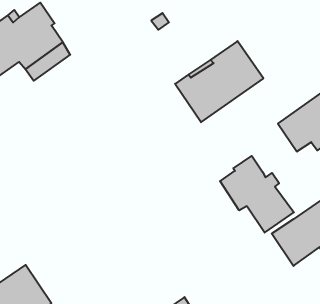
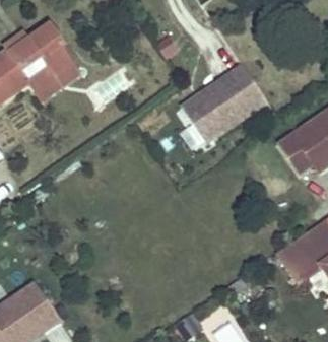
building: [220,156,294,233] -> none

